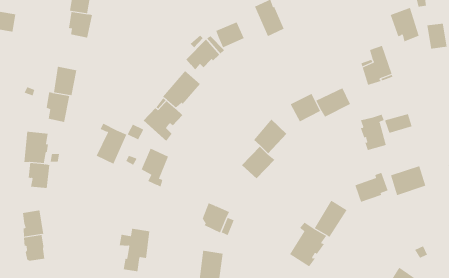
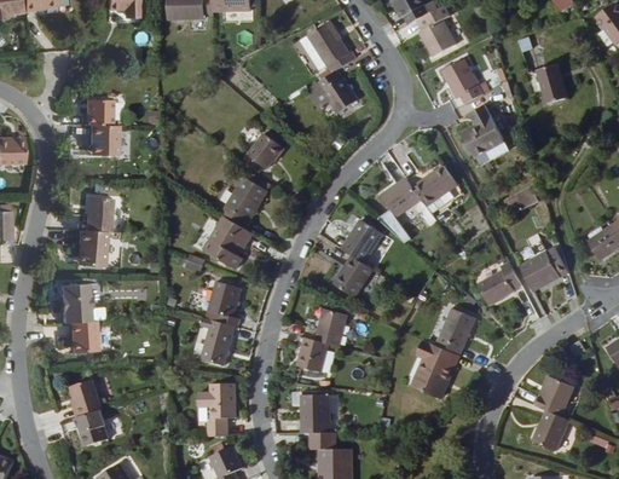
building: [390,7,419,42] -> [442,59,484,104]
building: [215,21,244,48] -> none
building: [360,114,386,151] -> none
building: [96,123,127,164] -> [198,316,233,365]
building: none -> [310,307,348,347]

